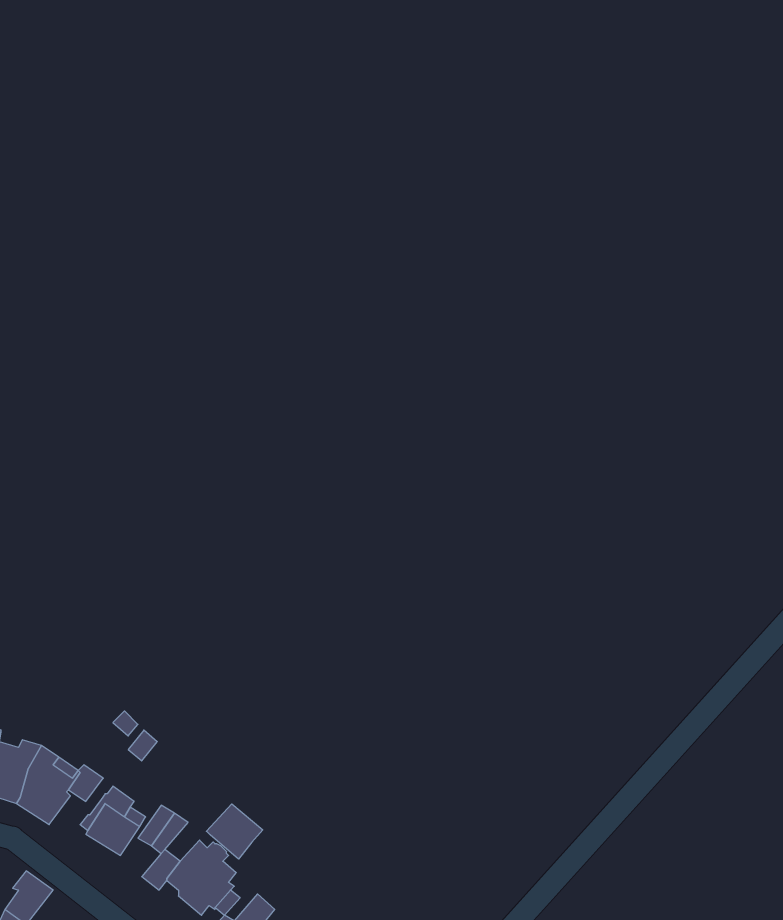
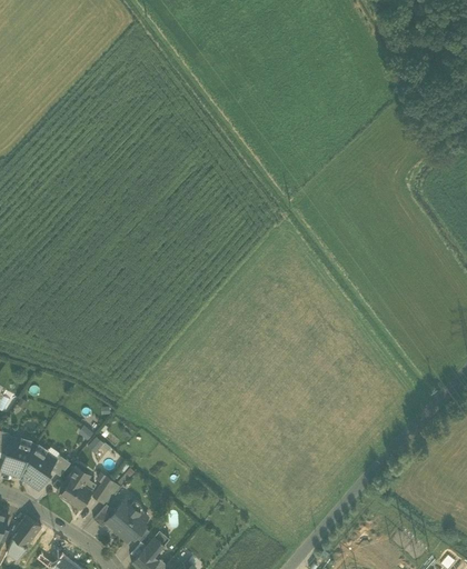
building: [206,804,263,859] -> none

